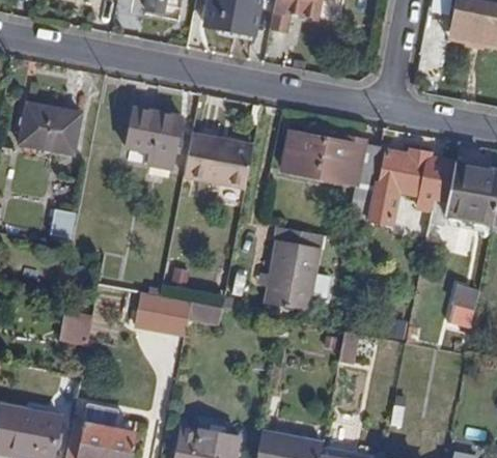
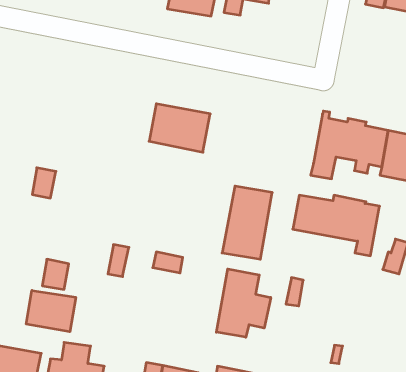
building: [20,104,82,154] -> none
building: [126,107,184,169] -> none
building: [282,133,381,201] -> [293,195,380,256]
building: [154,296,192,336] -> none
building: none -> [216,269,271,337]
building: none -> [26,290,76,332]

